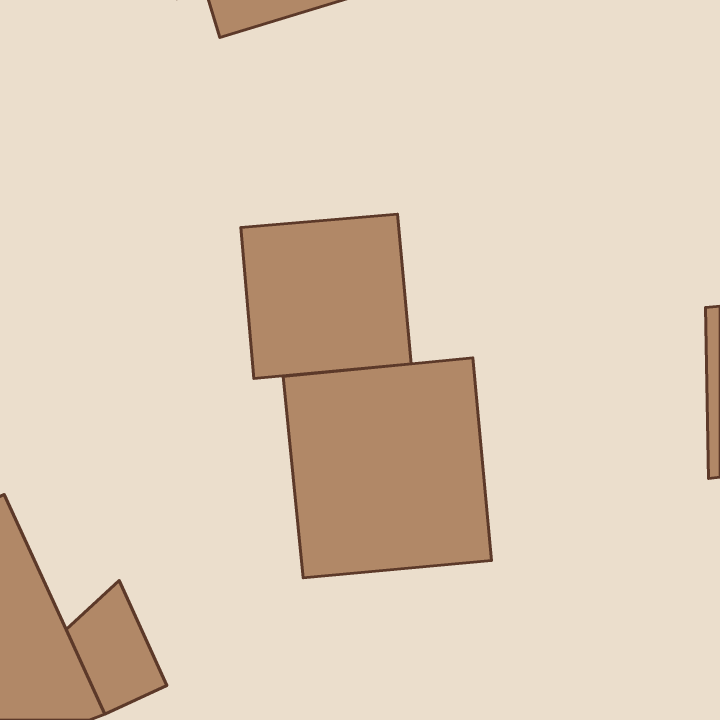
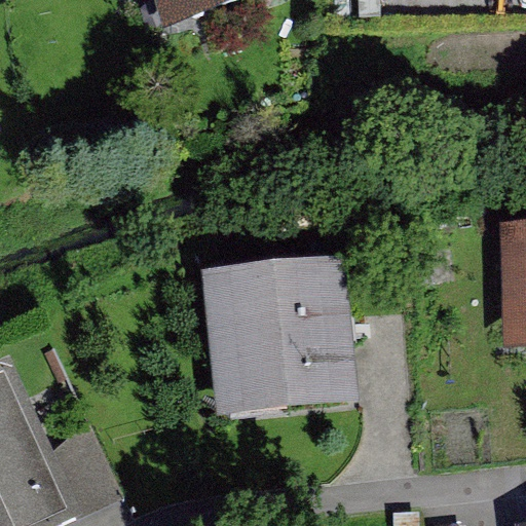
building: [241,214,411,378] -> none

